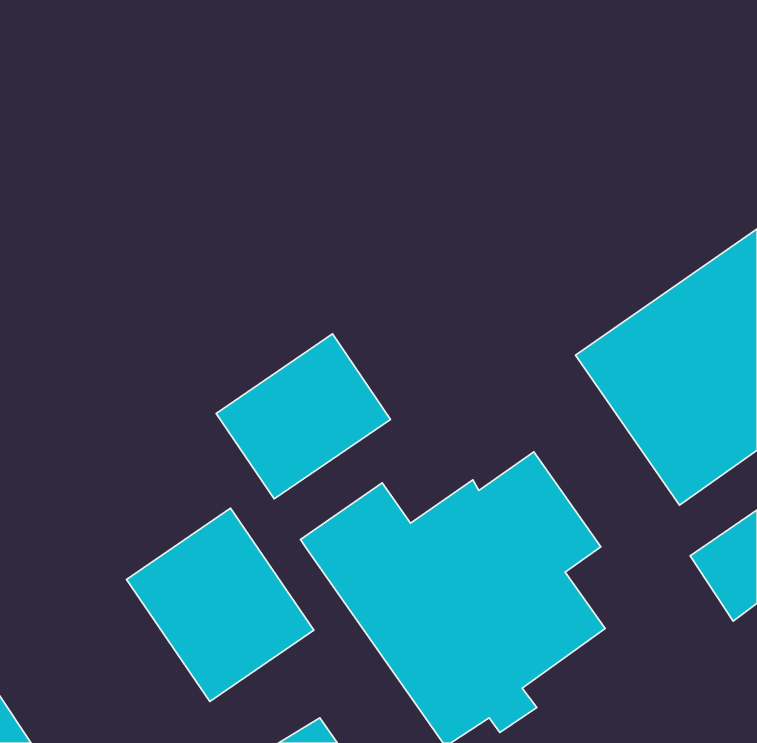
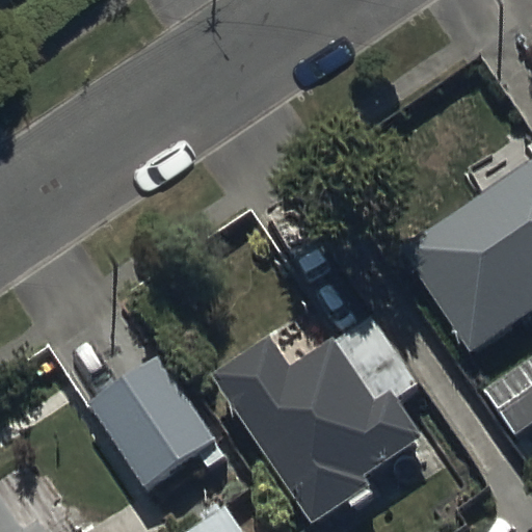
building: [216,334,391,499] -> none

